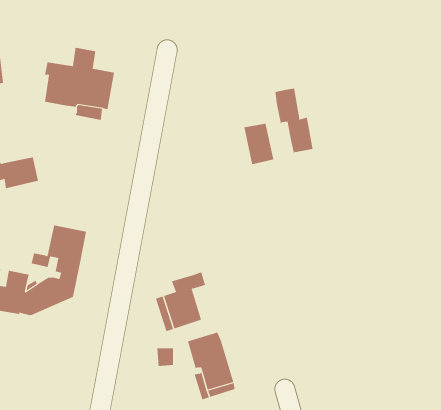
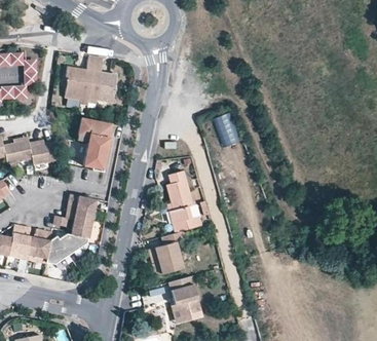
building: [275,88,313,153] -> none
building: none -> [76,120,108,168]
building: none -> [168,172,196,231]

